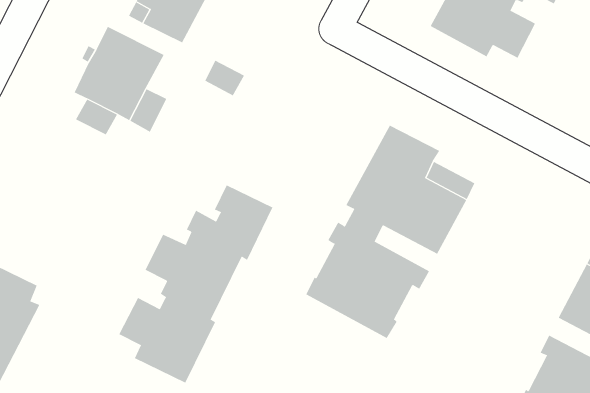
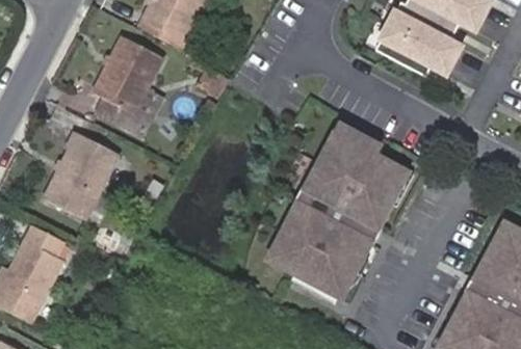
building: none -> [37,137,116,224]
building: [119,184,273,384] -> none

